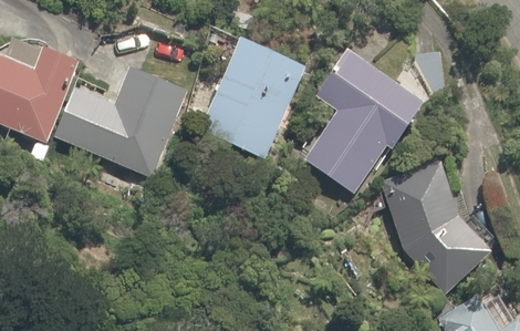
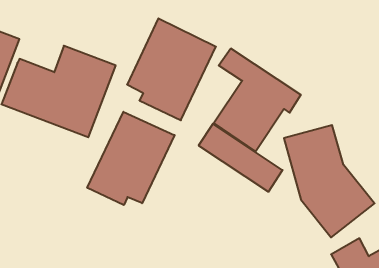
building: [323,45,422,125] -> [199,124,283,192]
building: none -> [87,112,175,205]

